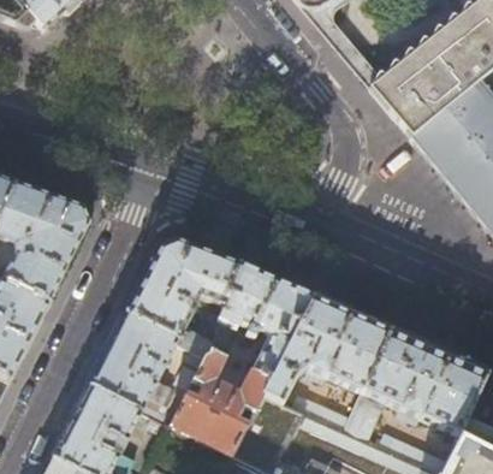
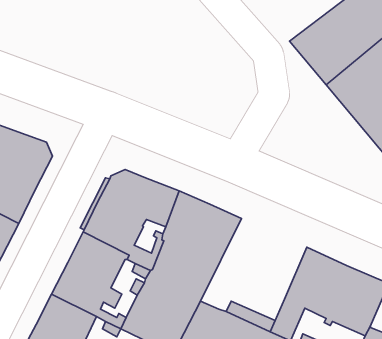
building: [263,295,388,402] -> none

